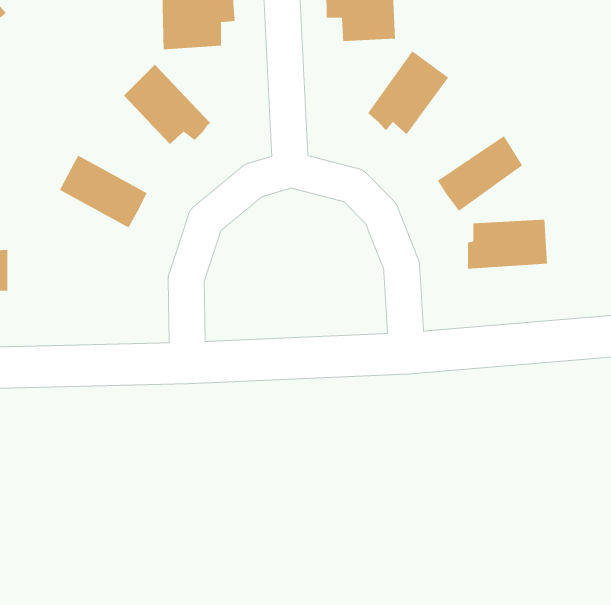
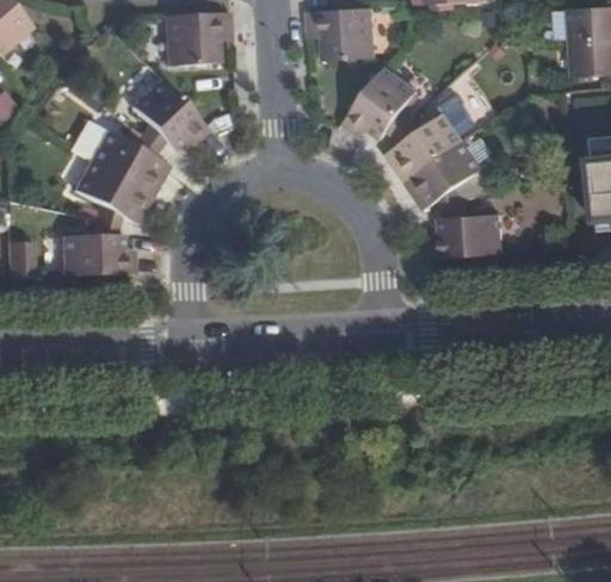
building: none -> [385,112,464,180]
building: none -> [93,130,171,191]
building: none -> [62,234,136,275]

